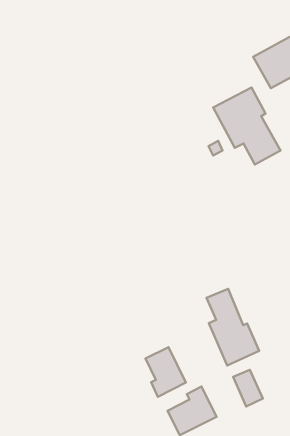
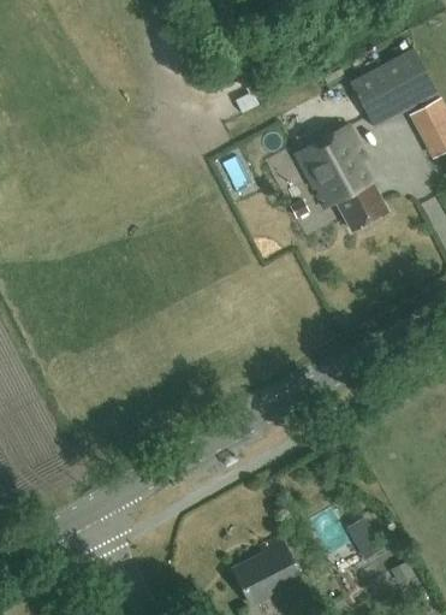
building: [207,289,259,365] -> none
building: [146,347,186,397] -> none

